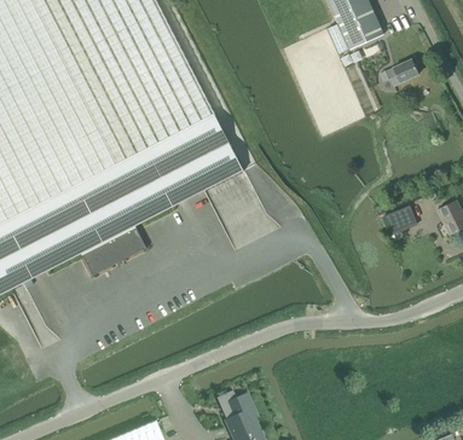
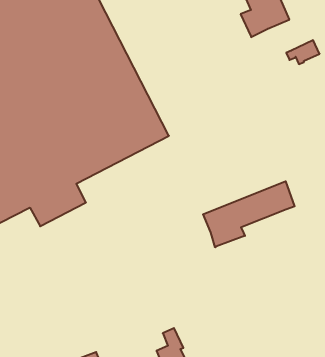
building: [381,204,415,233] -> none
building: none -> [203,181,295,247]

